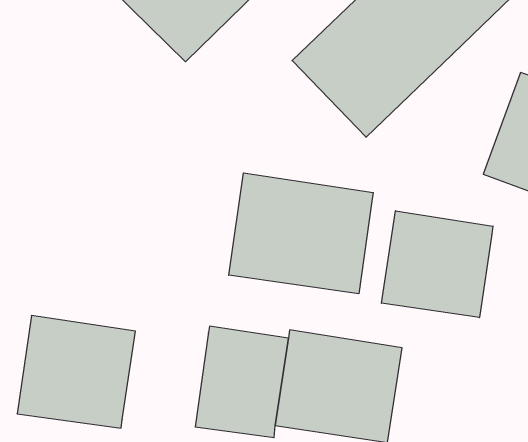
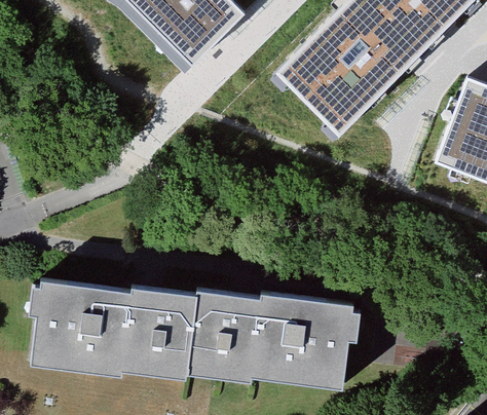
building: [229,173,373,294] -> none
building: [382,211,493,318] -> none
building: none -> [127,289,201,381]

